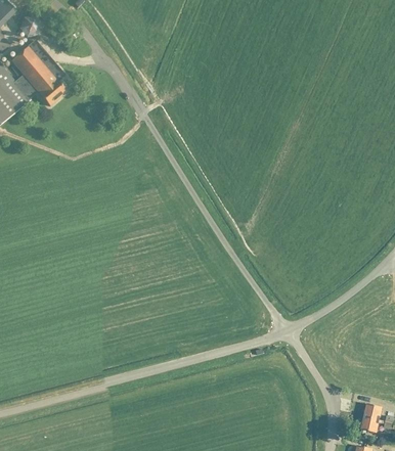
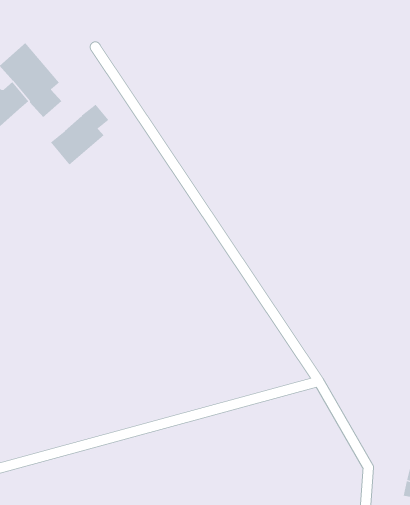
building: none -> [50,104,109,165]

